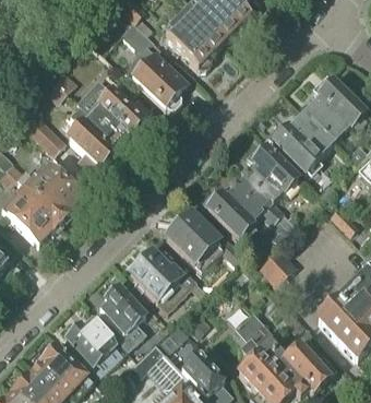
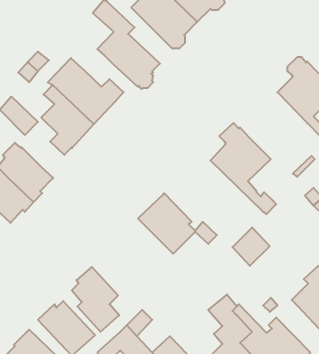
building: [268,110,333,174] -> none
building: [201,178,289,242] -> none
building: [129,250,188,305] -> none

